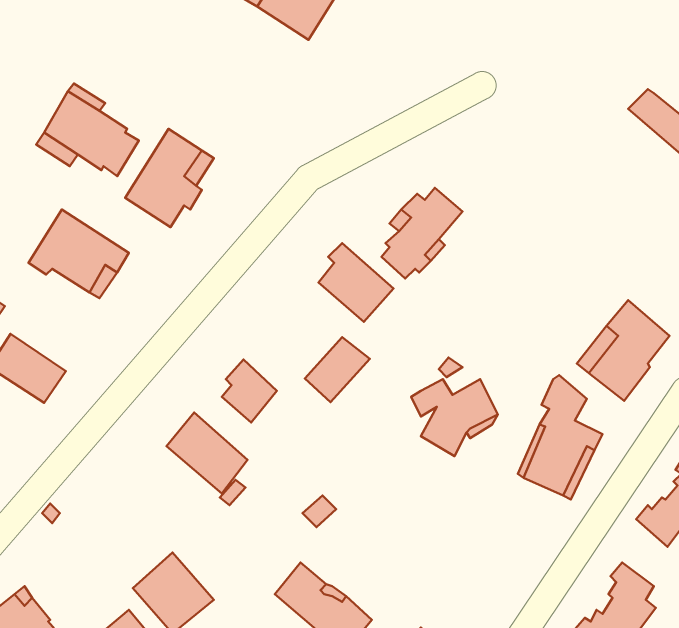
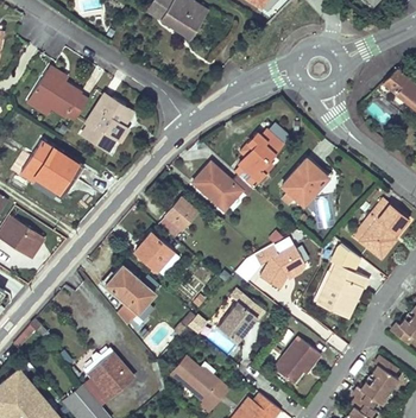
building: none -> [282,158,329,205]
building: [305,337,370,402] -> [158,200,197,239]
building: none -> [218,294,263,342]
building: none -> [272,338,320,385]

